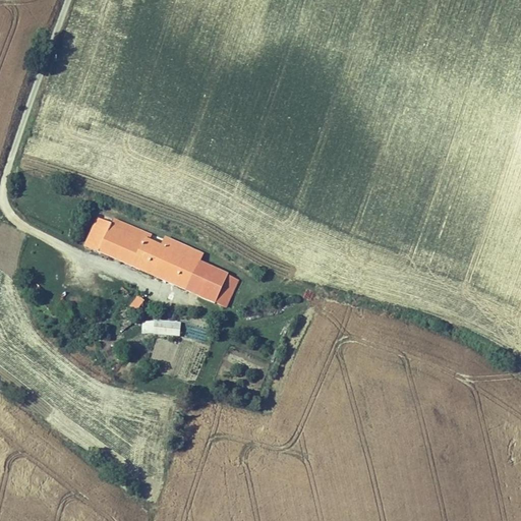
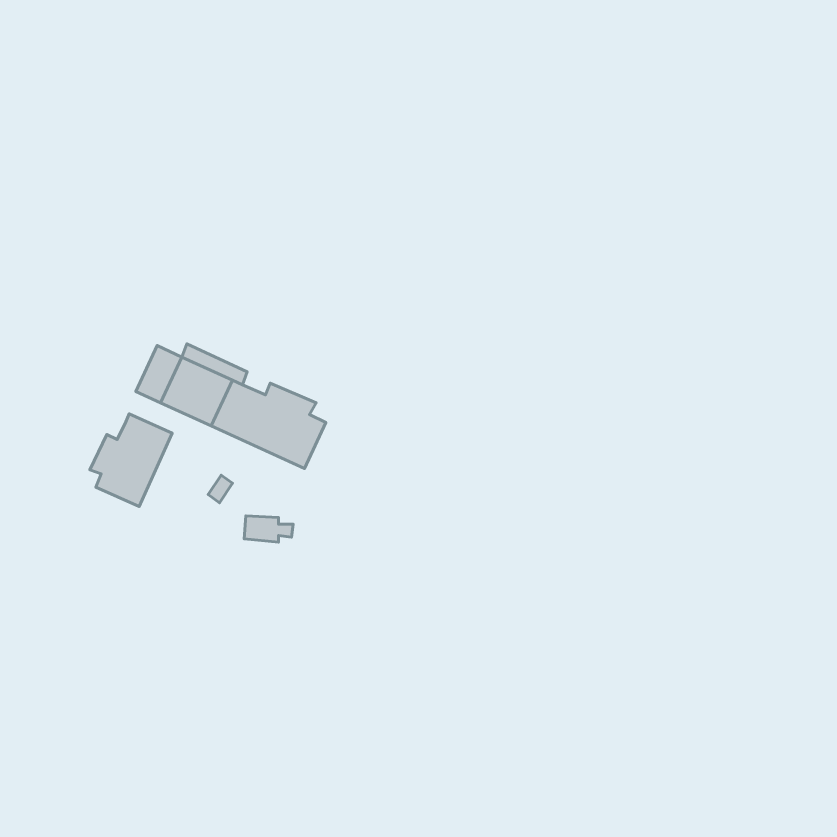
building: none -> [90,414,172,507]
building: [189,263,238,307] -> none

